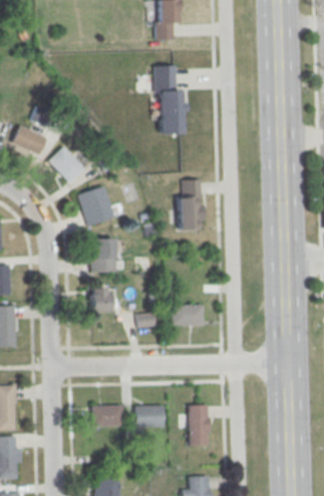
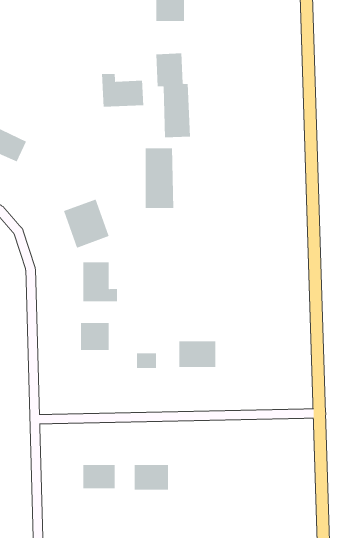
building: none -> [102,73,144,108]
building: [49,147,84,183] -> none
building: [180,179,204,229] -> [145,148,174,208]
building: [190,405,210,446] -> none

